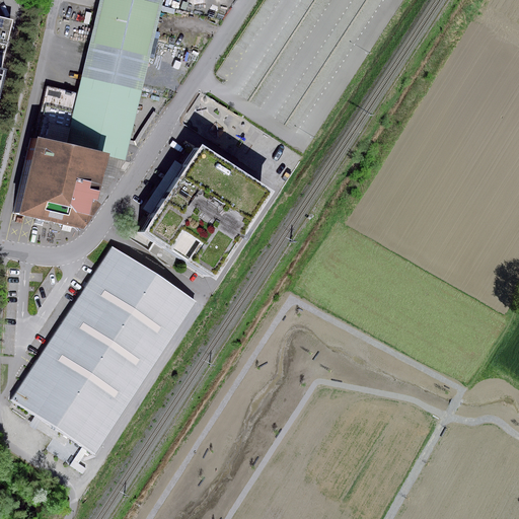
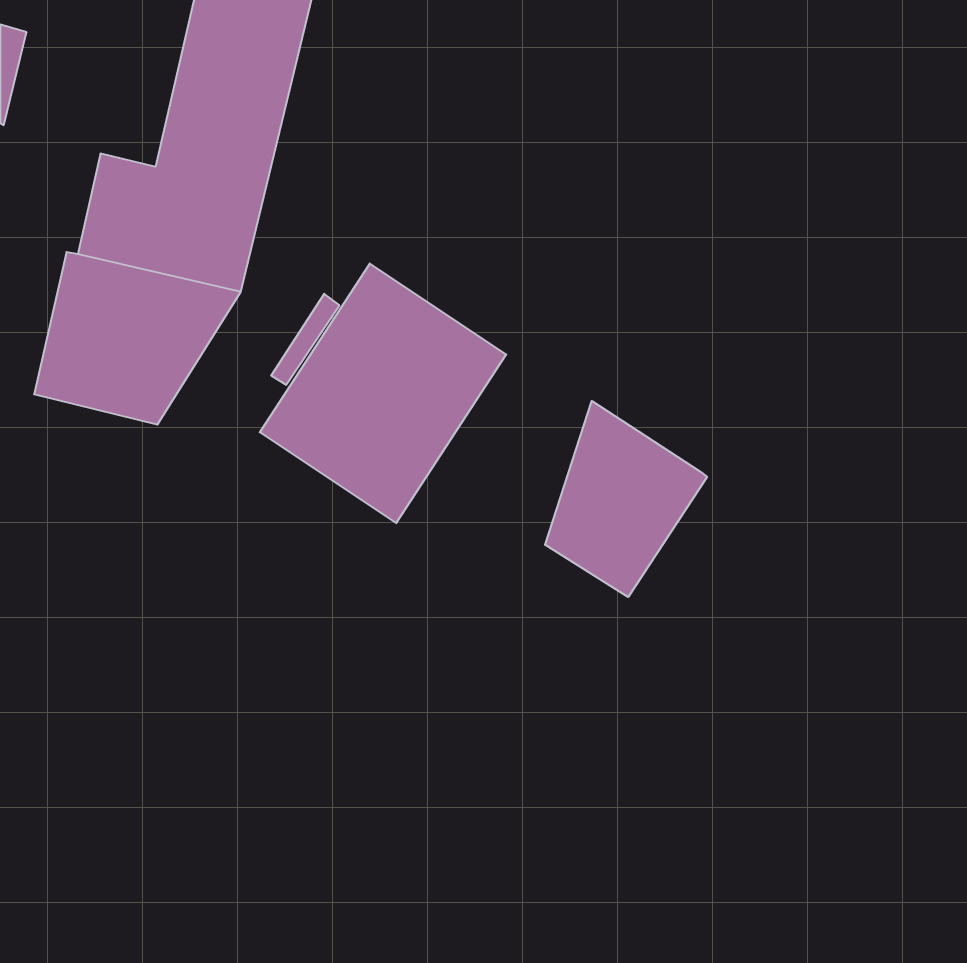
building: none -> [545,401,707,597]
building: [8,244,193,452] -> none

